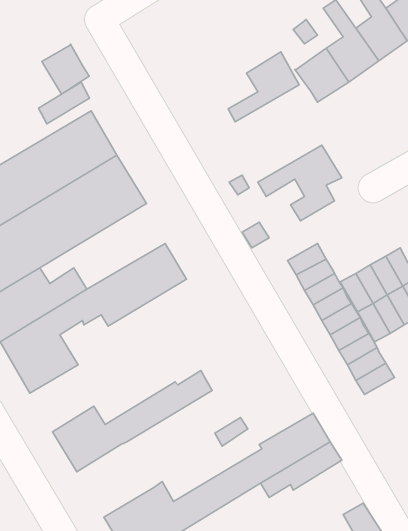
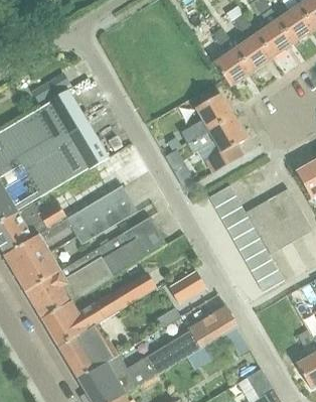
building: [42,44,89,94] -> none
building: [228,52,299,122] -> [182,93,232,142]
building: none -> [26,217,166,318]
building: none -> [168,271,205,304]
building: none -> [59,325,114,379]

